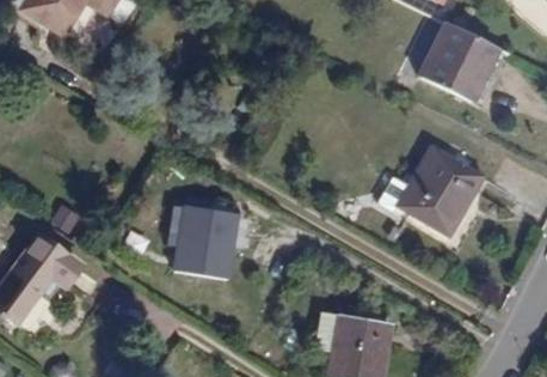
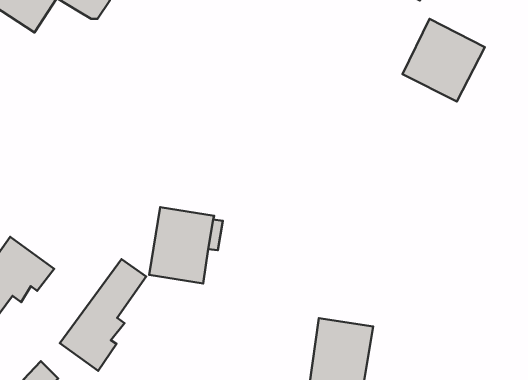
building: [397,145,485,235] -> none
building: none -> [60,259,146,371]

